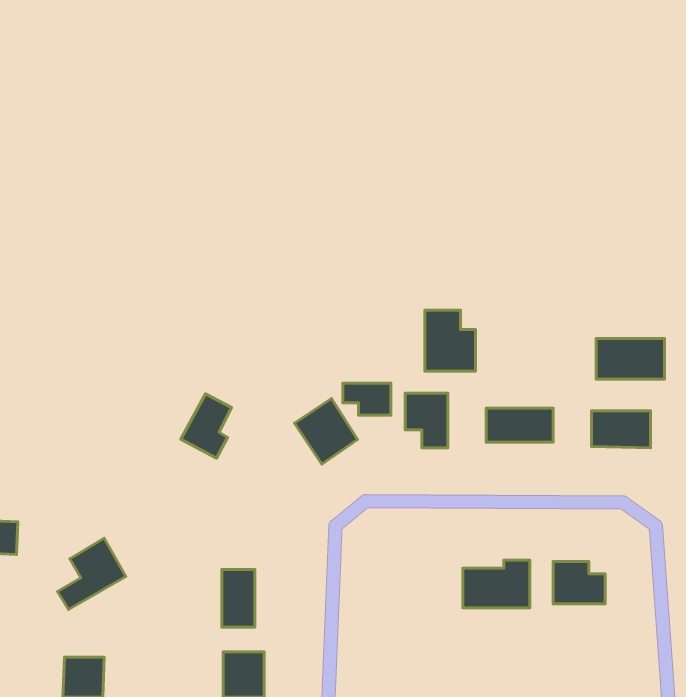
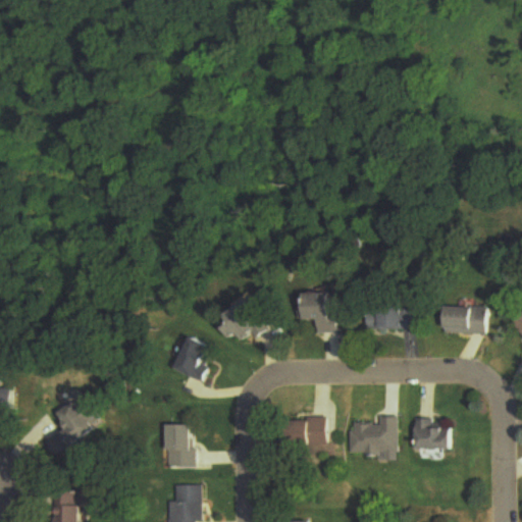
building: [425,310,475,371] -> none
building: [596,338,664,379] -> none
building: [343,383,391,415] -> none
building: [181,394,232,458] -> [174,335,212,383]
building: none -> [283,418,325,445]

